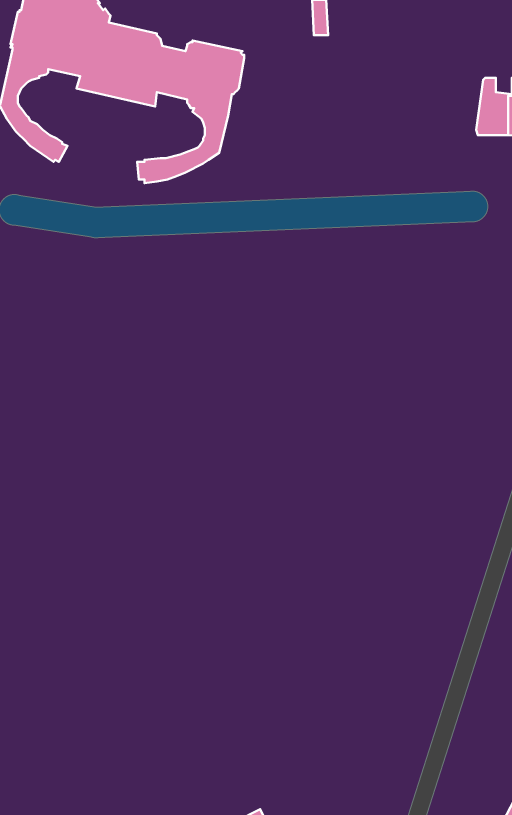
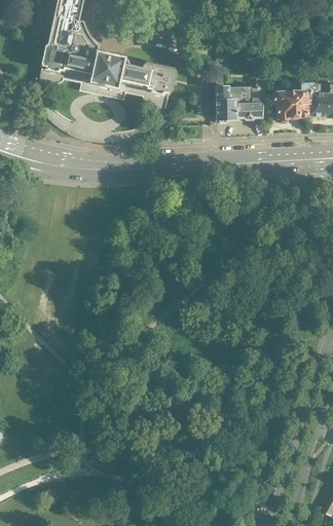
building: none -> [214,75,264,122]
building: none -> [271,82,312,122]

